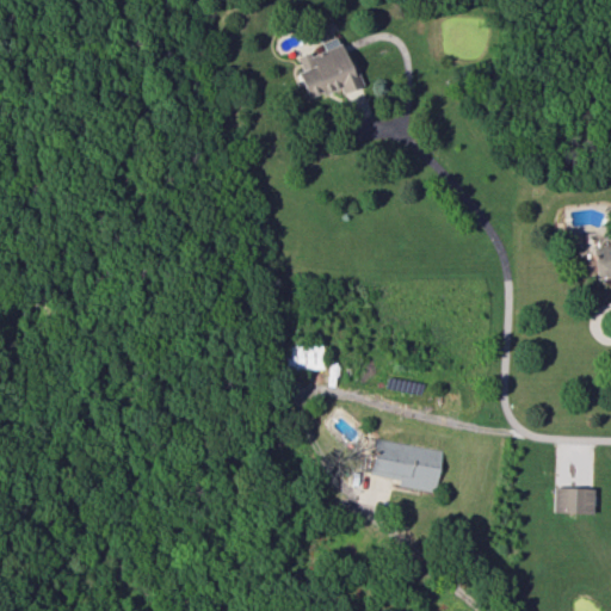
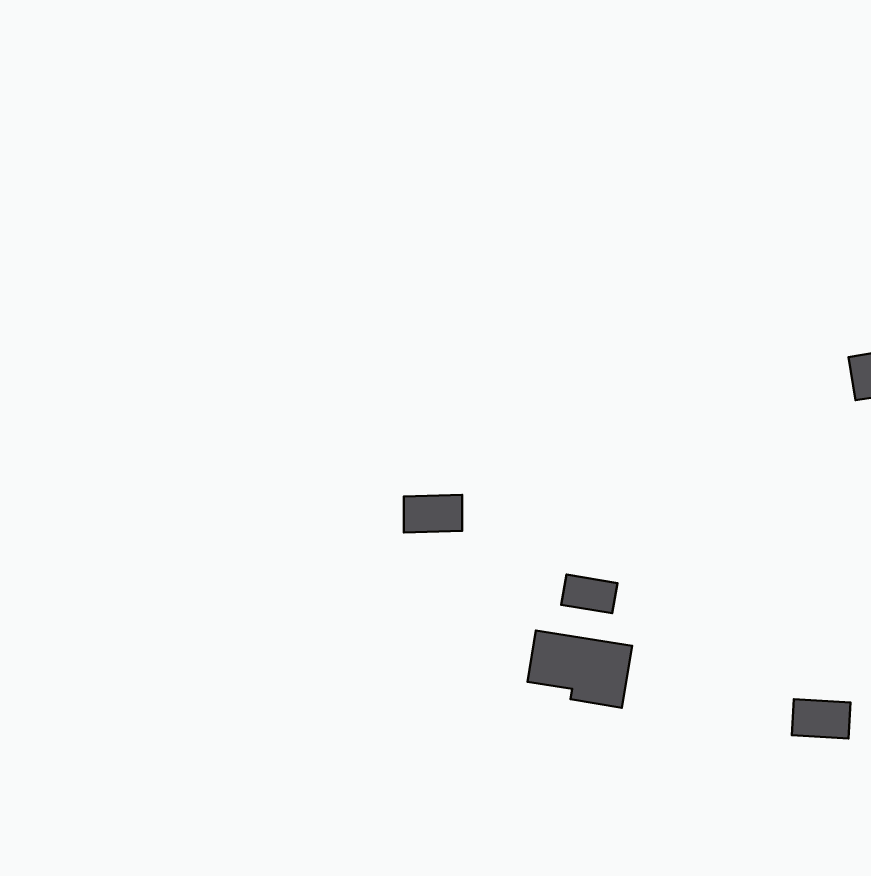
building: [300,45,365,100] -> none
building: none -> [561,575,618,613]

